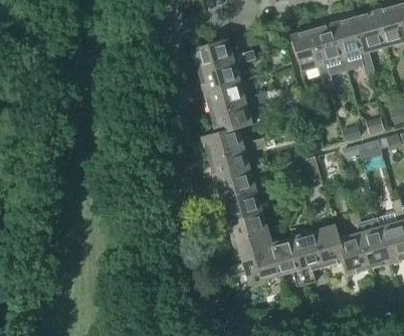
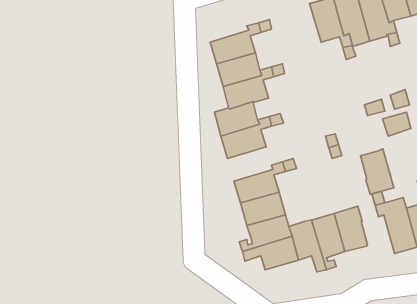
building: [192,36,234,69] -> none
building: [214,167,256,199] -> none
building: [339,230,370,273] -> [360,149,394,194]

